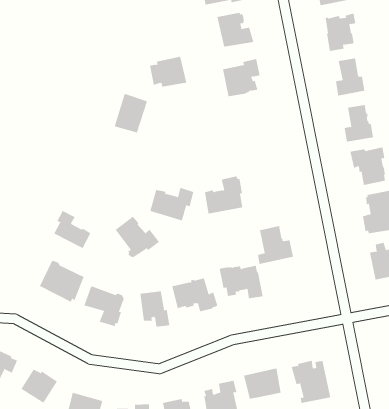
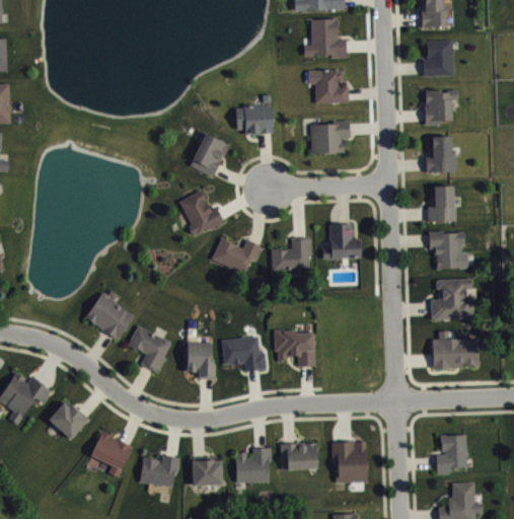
building: [53,210,91,249] -> none
building: [115,216,160,258] -> [178,191,223,234]
building: [257,226,294,265] -> [322,223,360,260]

